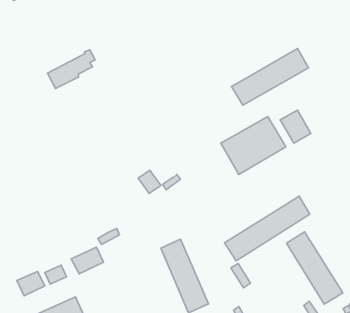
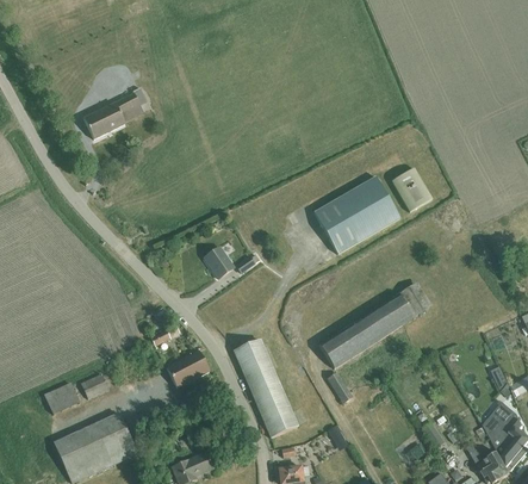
building: [232,48,309,105] -> none
building: [287,232,343,304] -> none
building: [71,247,104,274] -> [166,350,209,386]

